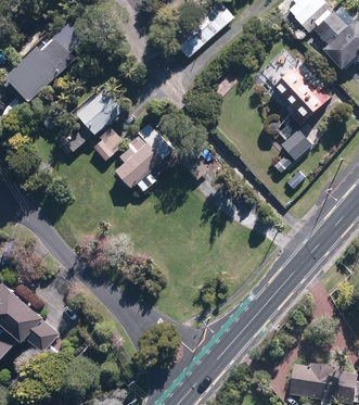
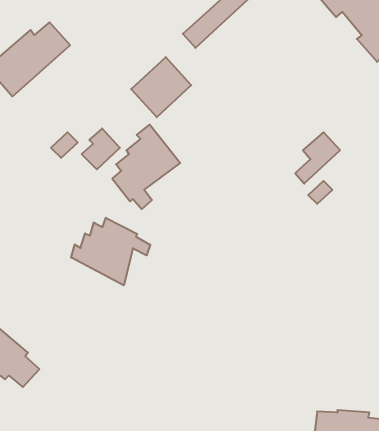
building: [274,67,329,124] -> none
building: [75,83,126,134] -> [131,57,191,117]
building: none -> [71,218,150,285]

